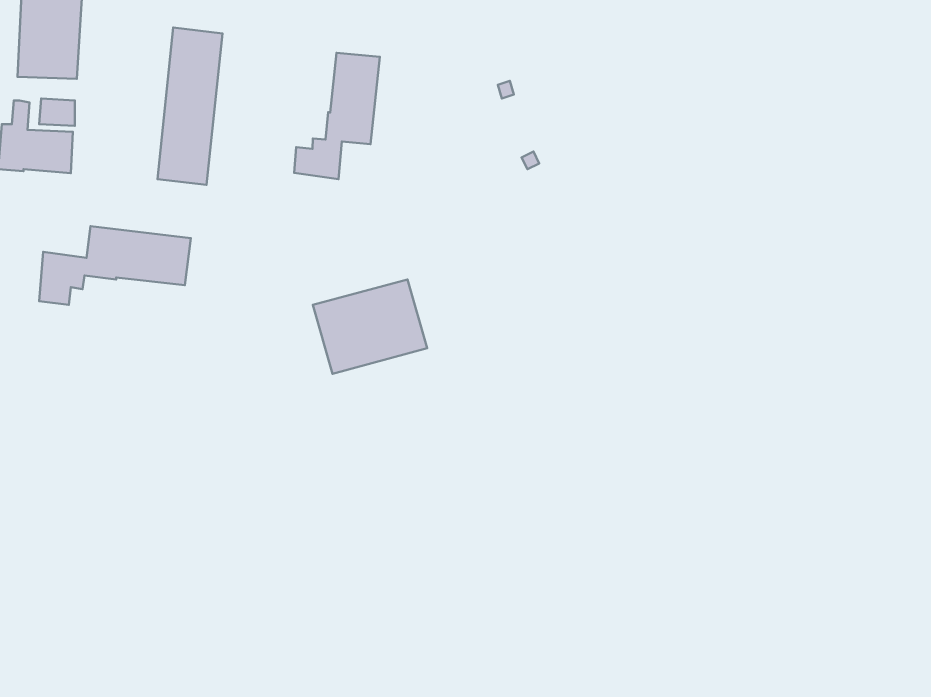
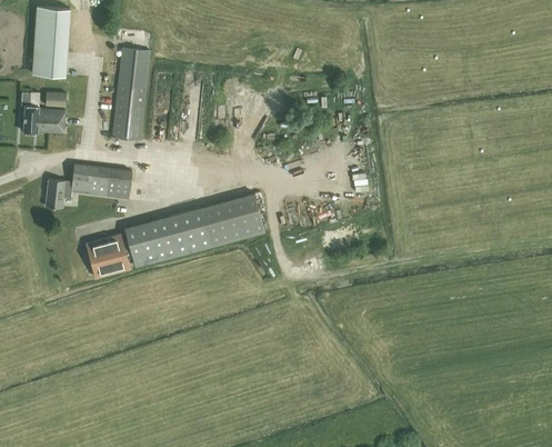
building: [294,53,380,179] -> none
building: none -> [126,208,211,267]
building: none -> [88,235,131,278]

